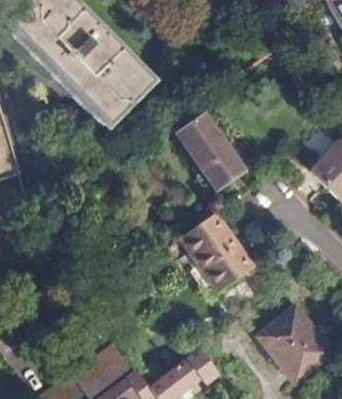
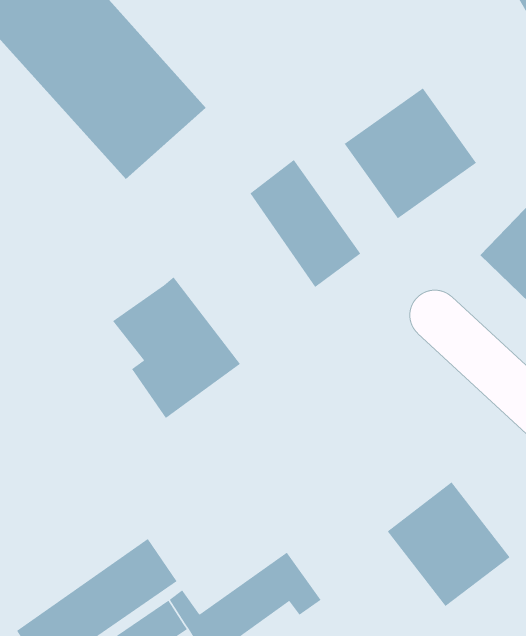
building: none -> [344,88,477,219]
building: [177,216,254,302] -> [112,276,241,419]

